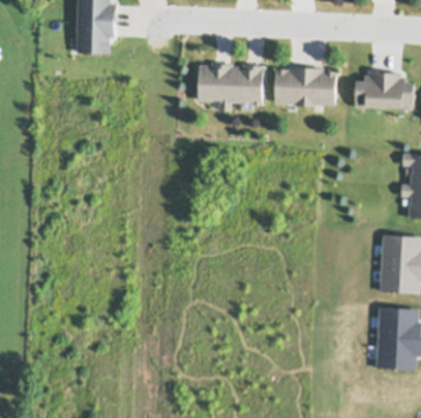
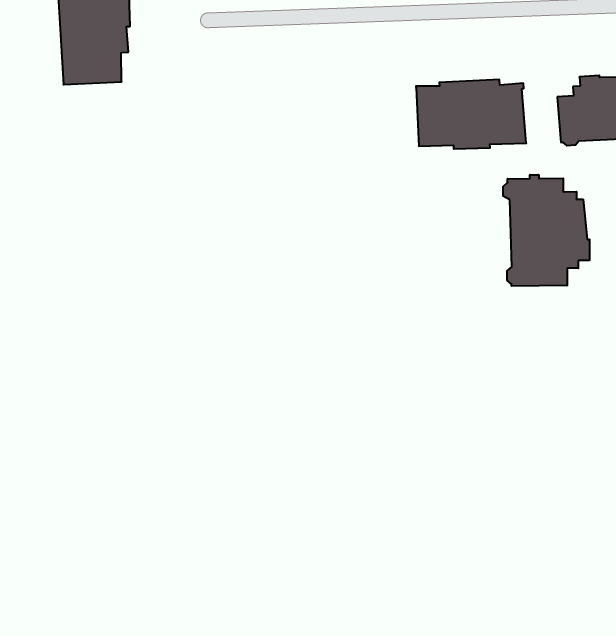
building: [198,62,264,110] -> none
building: none -> [503,175,590,286]

